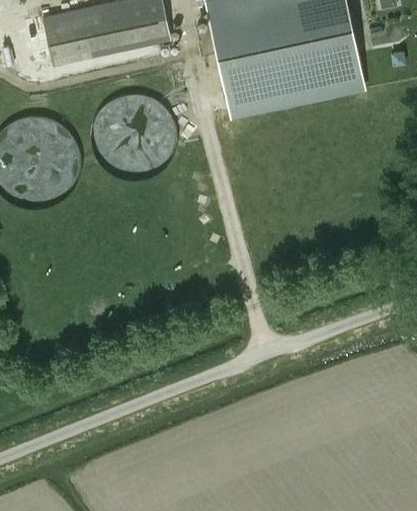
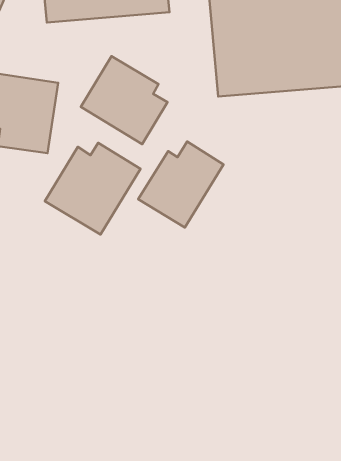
building: none -> [138,142,223,228]
building: none -> [45,143,140,235]

